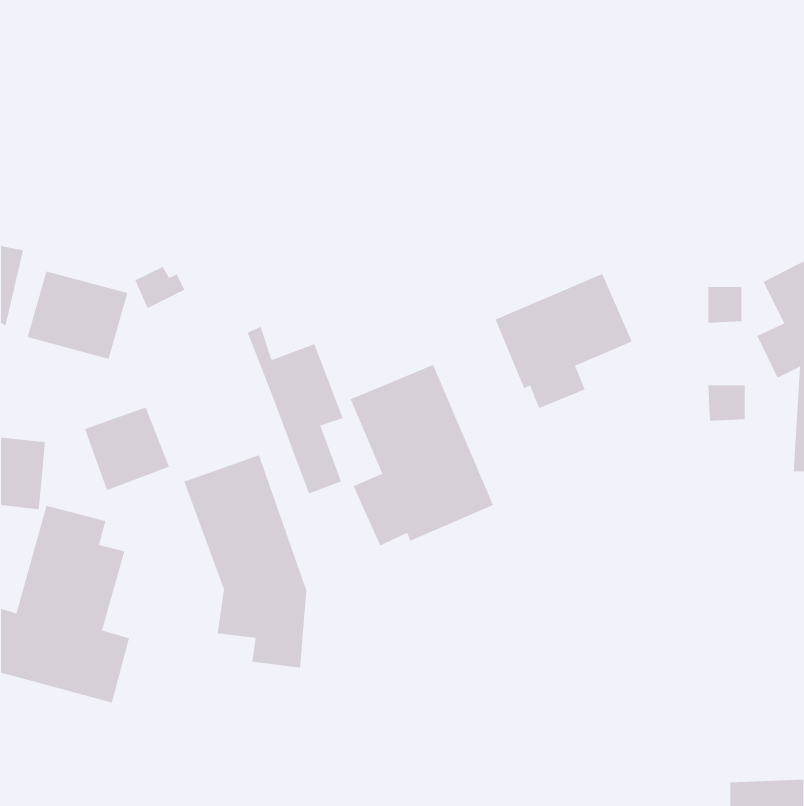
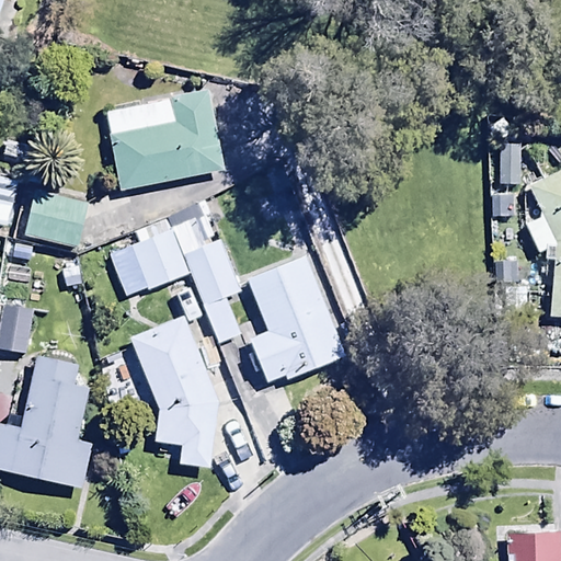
building: none -> [105,91,224,190]
building: [495,273,633,409] -> none
building: [84,407,170,491] -> [131,232,191,290]

